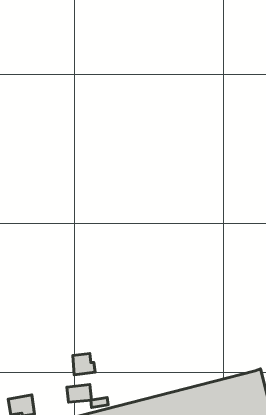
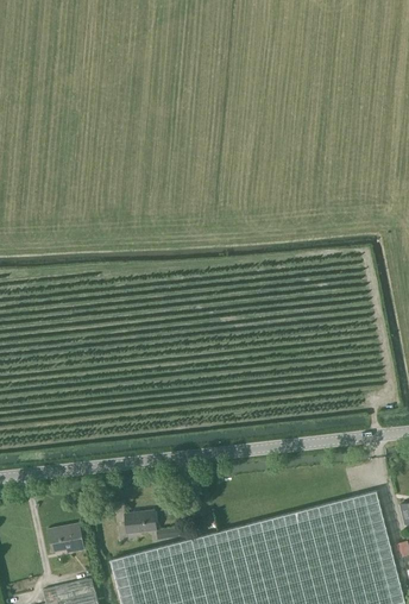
building: [73,354,95,375] -> none

